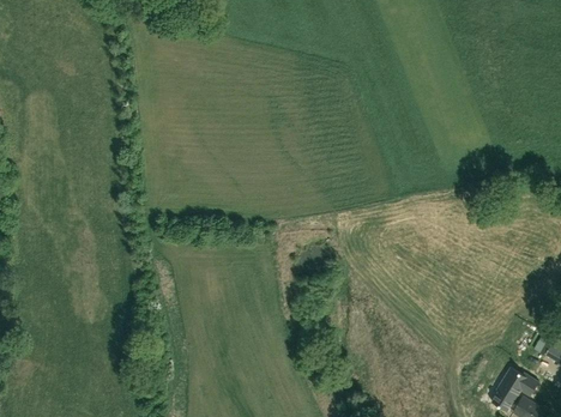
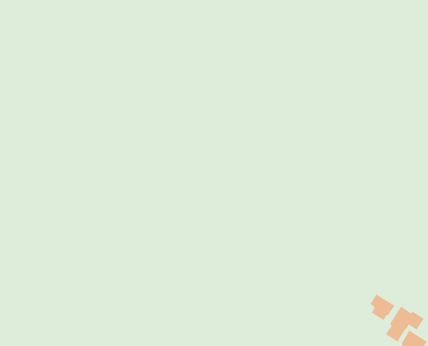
building: none -> [370,294,396,321]

